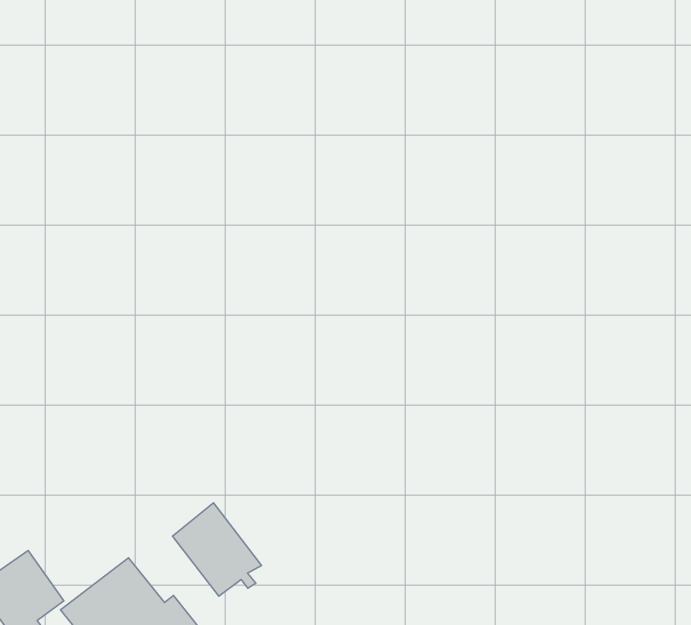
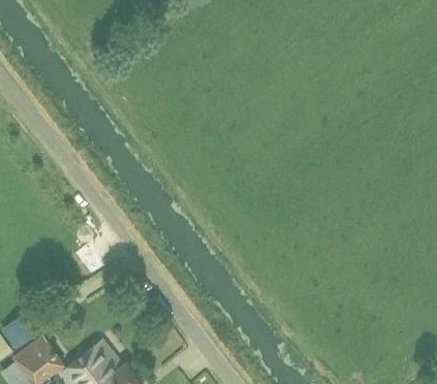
building: [172,503,261,596] -> none

